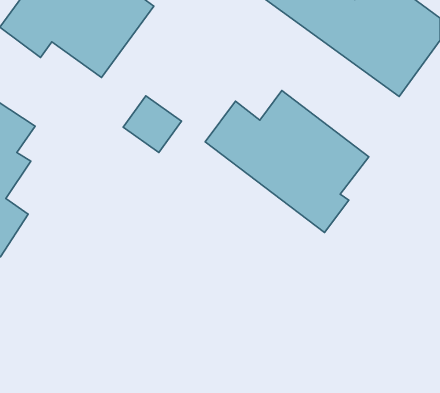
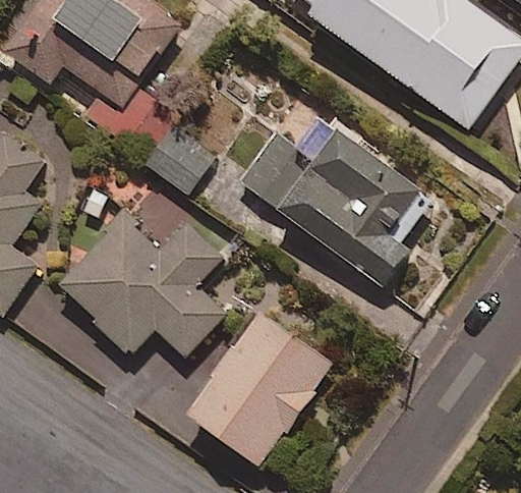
building: none -> [60,191,225,357]
building: none -> [188,311,334,465]

